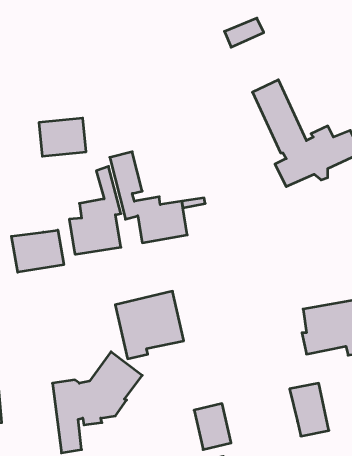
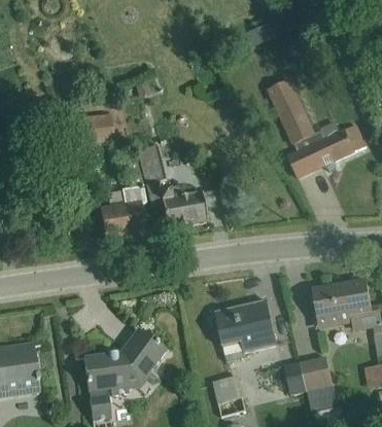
building: [11,230,64,272] -> none
building: [115,291,184,359] -> [215,299,278,361]
building: none -> [284,361,308,394]

